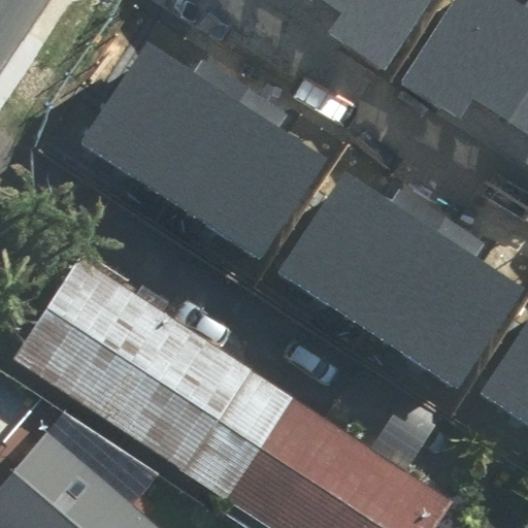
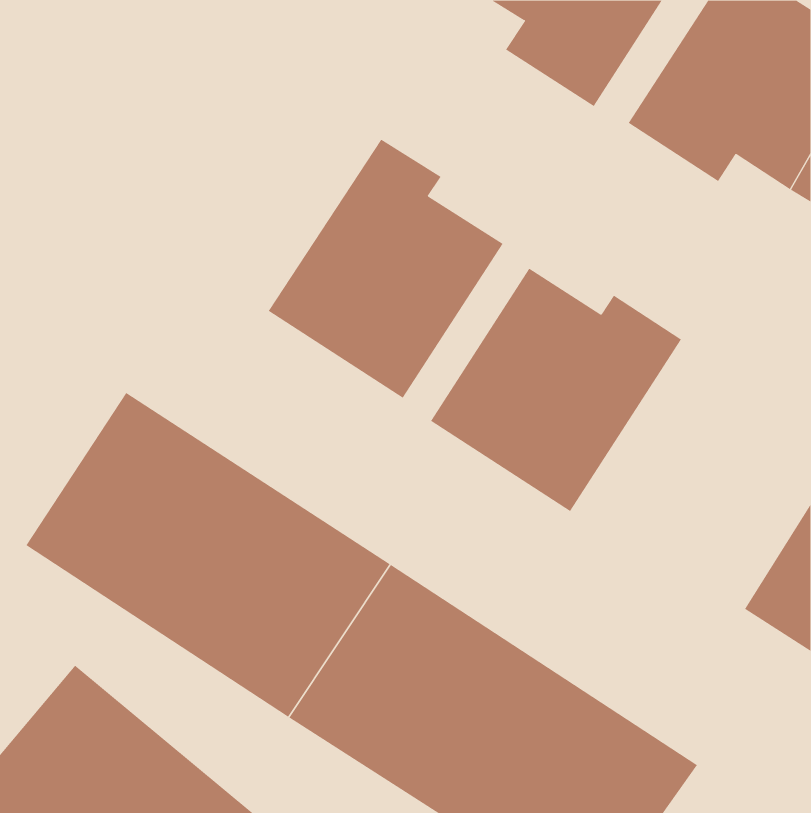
building: [84,44,246,202] -> none
building: [369,221,521,389] -> none

